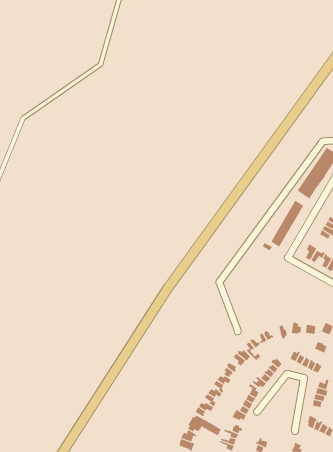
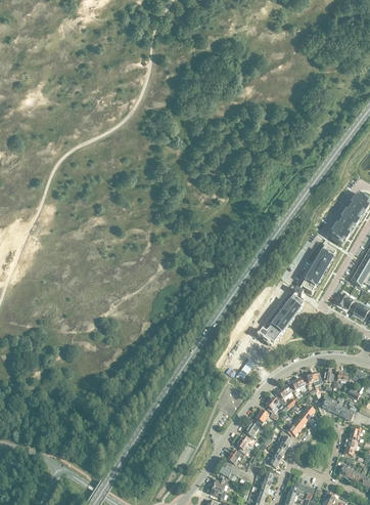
building: none -> [258,292,303,344]

